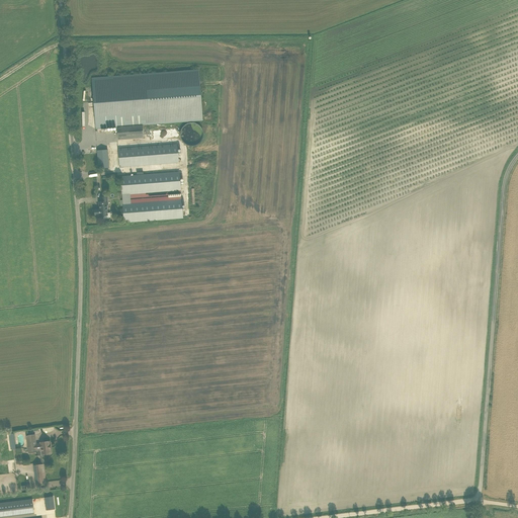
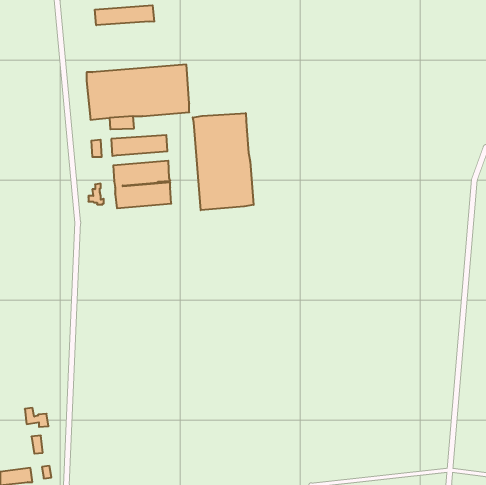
building: none -> [95,5,154,25]
building: none -> [193,113,254,210]

